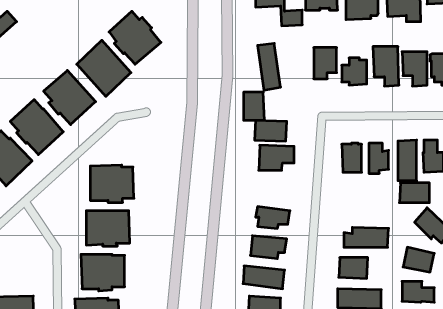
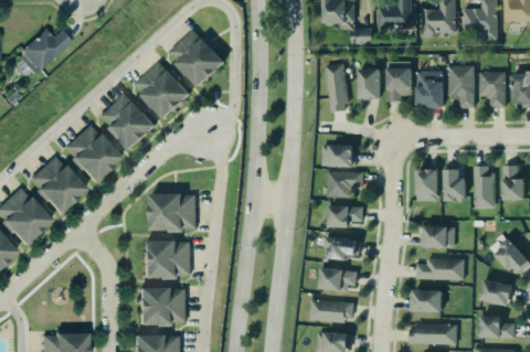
building: [244,92,264,120] -> [359,70,381,99]
building: none -> [327,205,362,227]
building: [399,183,429,203] -> [423,226,455,247]

